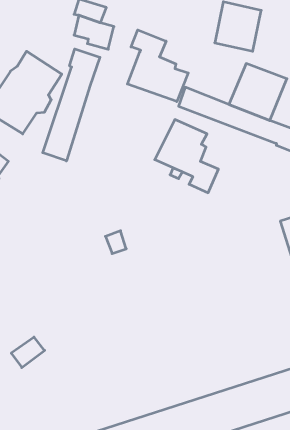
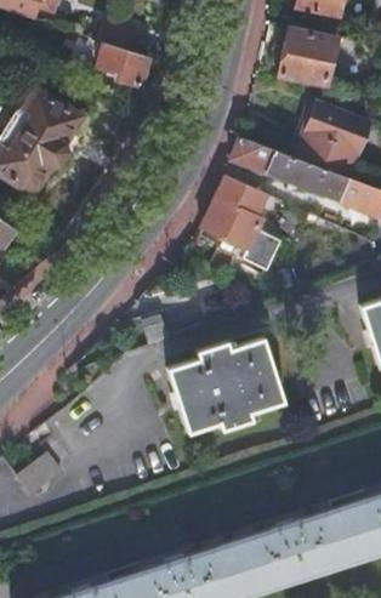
building: [127,30,188,102] -> none
building: [43,49,100,161] -> none
building: none -> [170,337,284,432]

